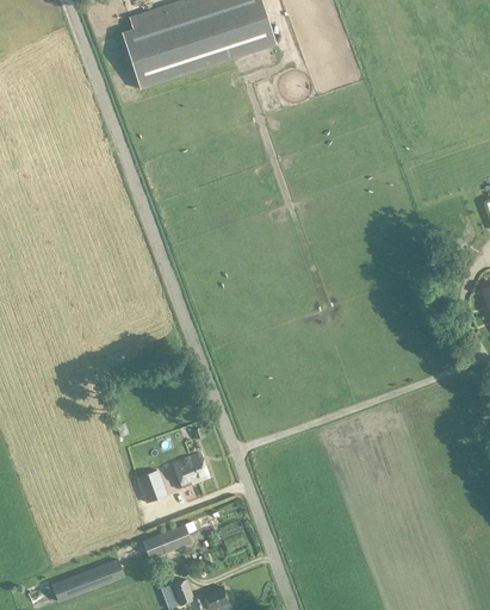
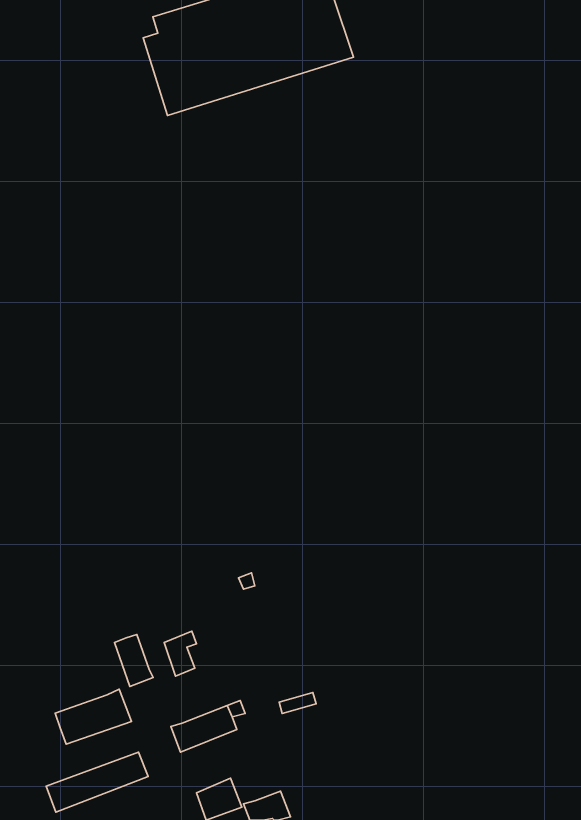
building: [172,452,210,487] -> none
building: none -> [114,634,153,686]
building: none -> [55,689,131,744]

